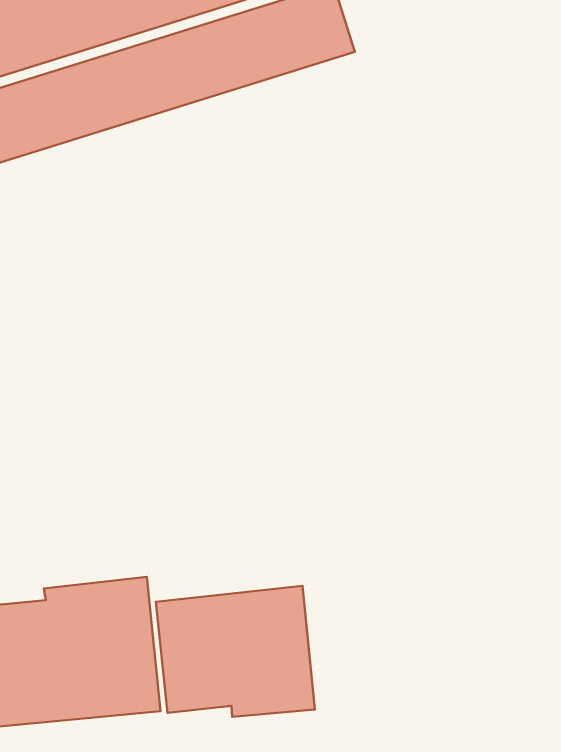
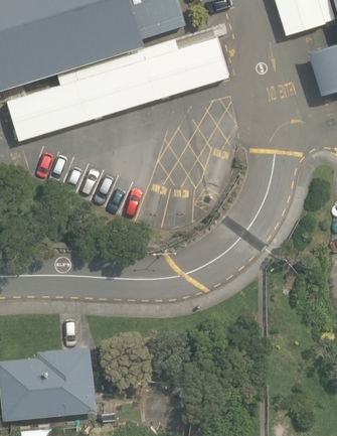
building: [156,586,315,717] -> none

